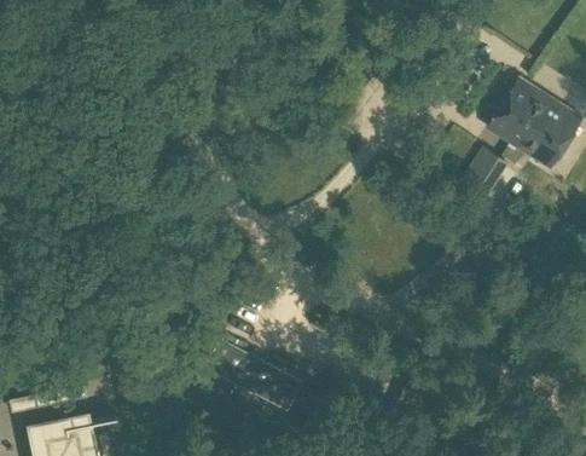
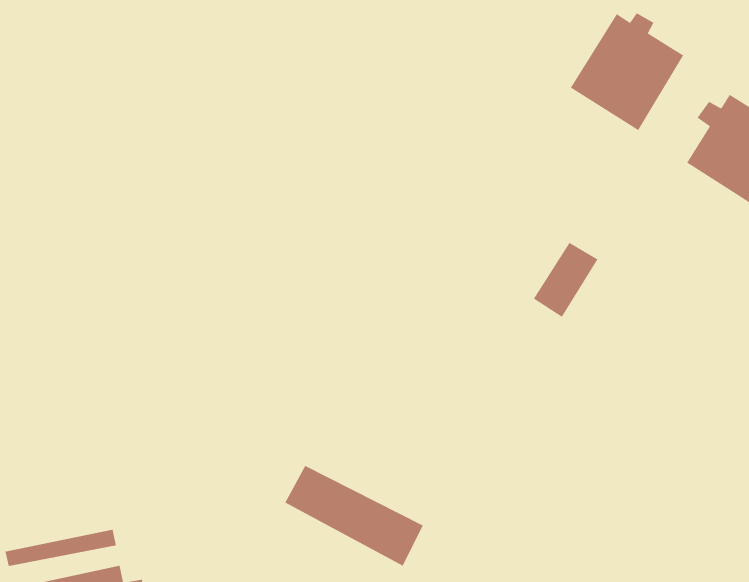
building: none -> [570,12,684,131]
building: [458,145,504,198] -> [533,242,598,318]

